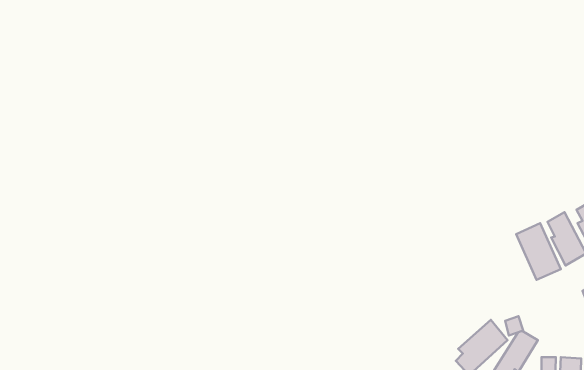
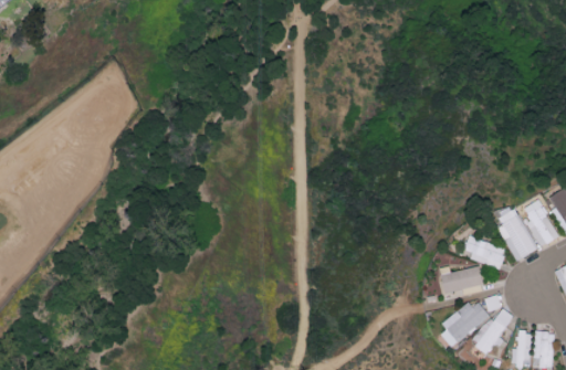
building: none -> [463,235,506,268]
building: none -> [440,266,483,293]

